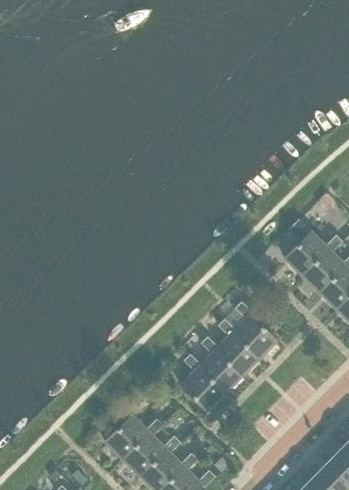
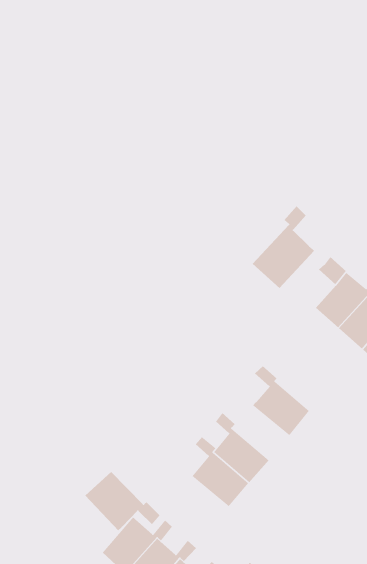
building: none -> [252,205,315,289]
building: [215,319,260,376] -> none
building: none -> [85,471,161,531]

